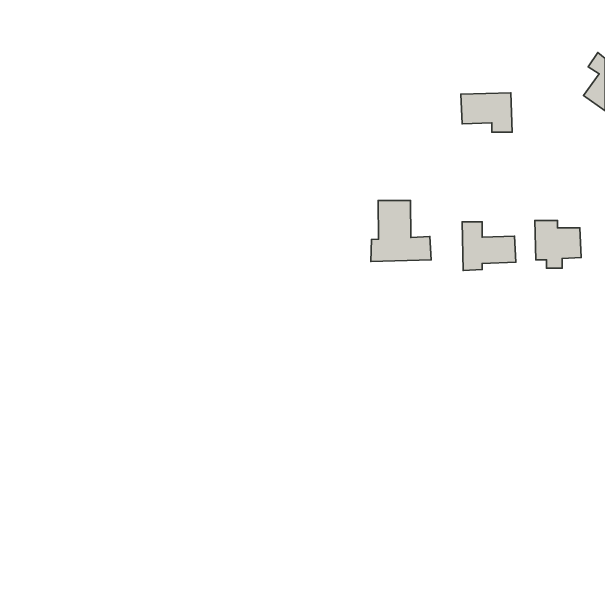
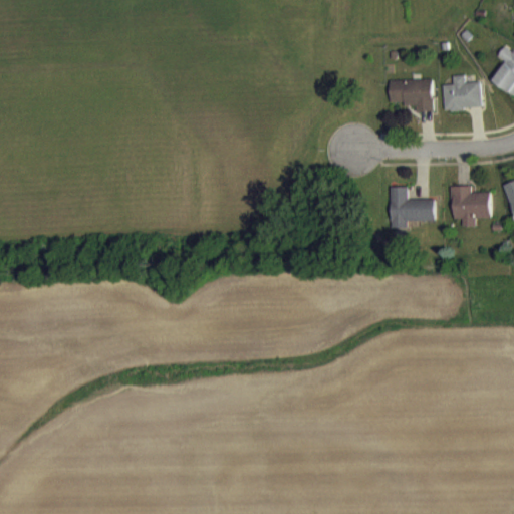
building: none -> [441,74,481,110]
building: [371,200,431,261] -> none

